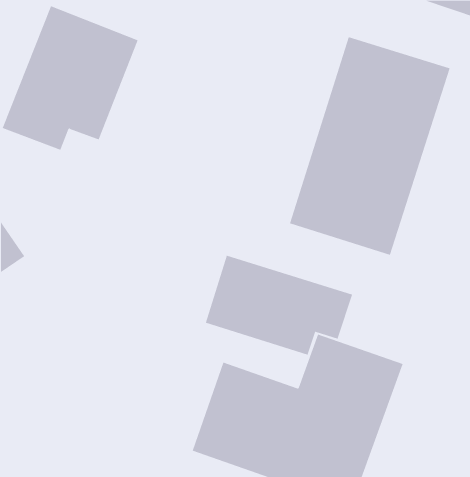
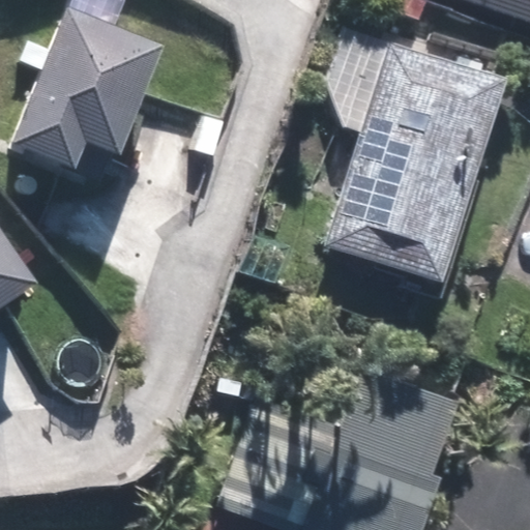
building: [205,255,353,355] -> none

